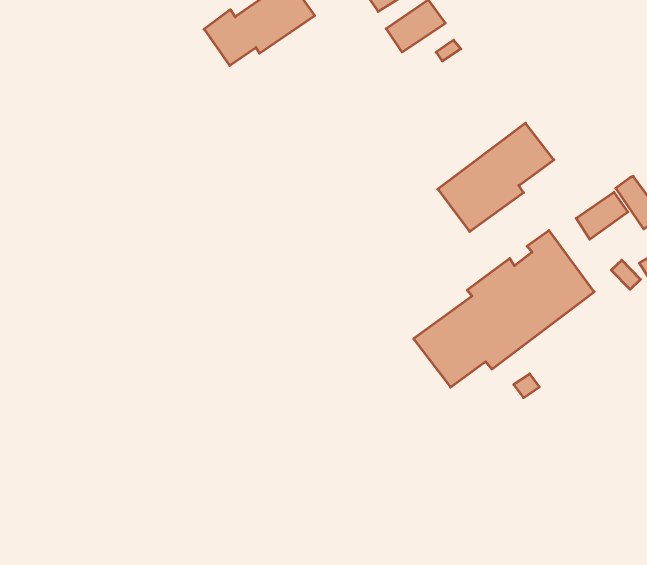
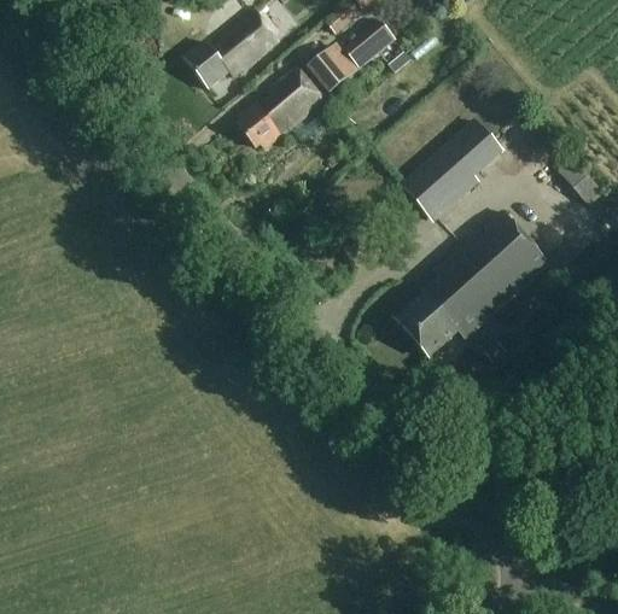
building: none -> [309,43,358,93]
building: none -> [238,66,326,150]
building: [576,192,628,239] -> none

